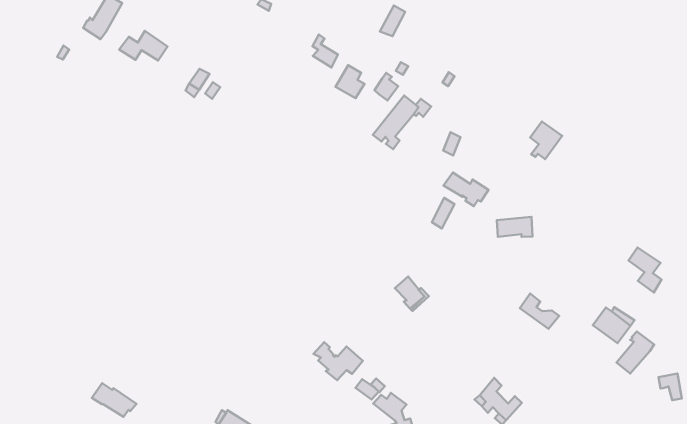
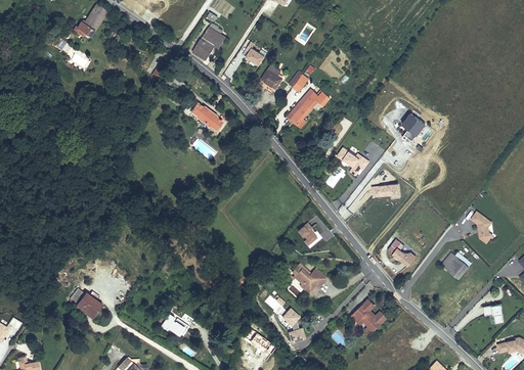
building: none -> [191,24,224,59]
building: [119,31,167,61] -> none
building: none -> [183,100,221,130]
building: [616,332,654,373] -> none
building: [314,342,363,380] -> [291,264,326,292]

